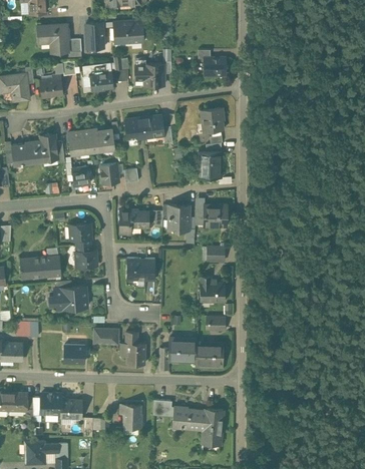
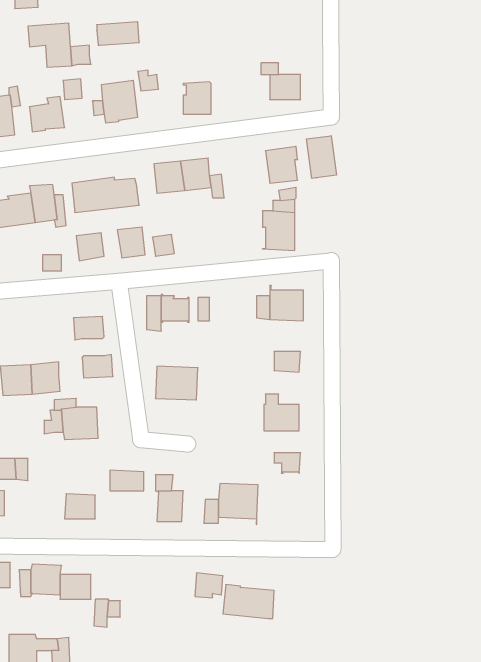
building: [113,20,142,43] -> none
building: none -> [307,136,336,178]
building: [168,204,189,228] -> none
building: [195,339,223,367] -> none
building: [119,405,140,427] -> none
building: [202,409,223,445] -> none

